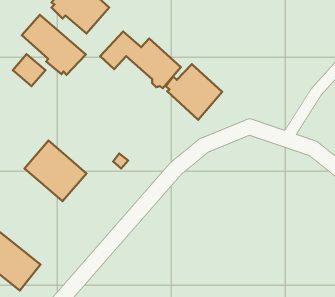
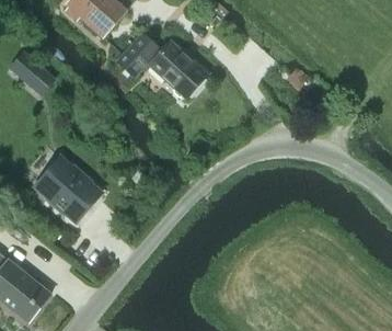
building: [22,15,86,75] -> none
building: [166,64,222,120] -> none

